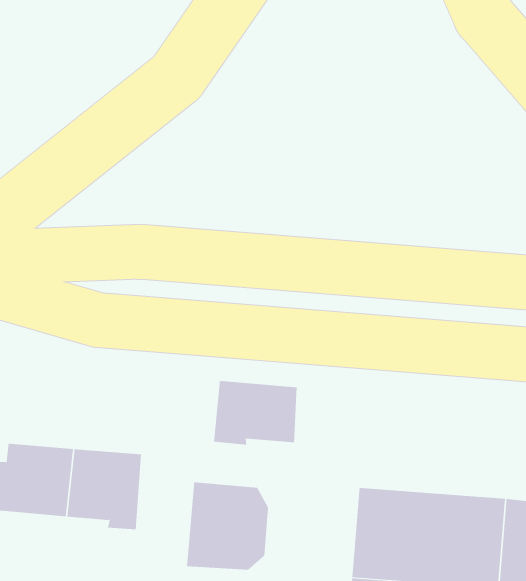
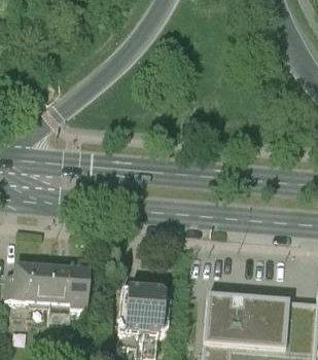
building: [213,380,297,446] -> none

